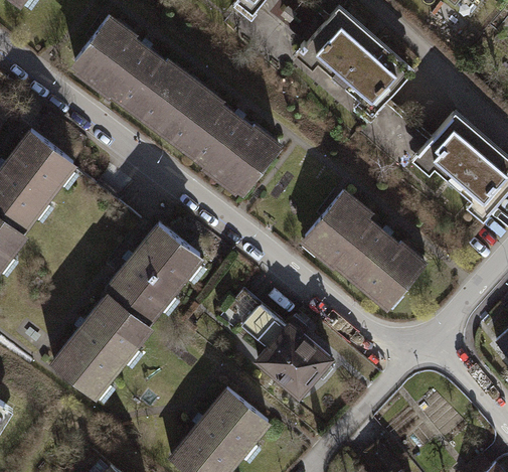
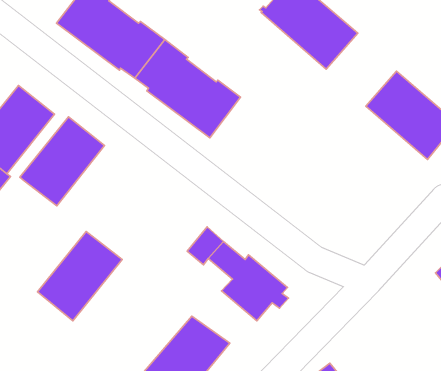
building: [306,192,426,308] -> none
building: [103,224,197,324] -> [20,117,105,206]

